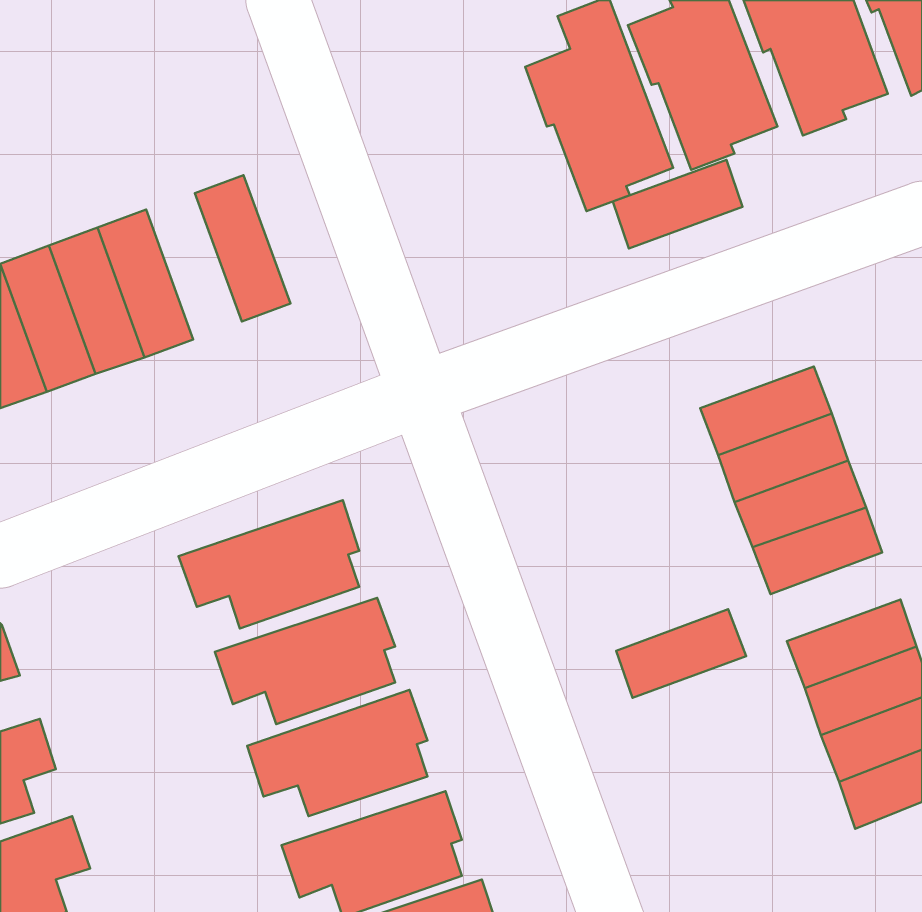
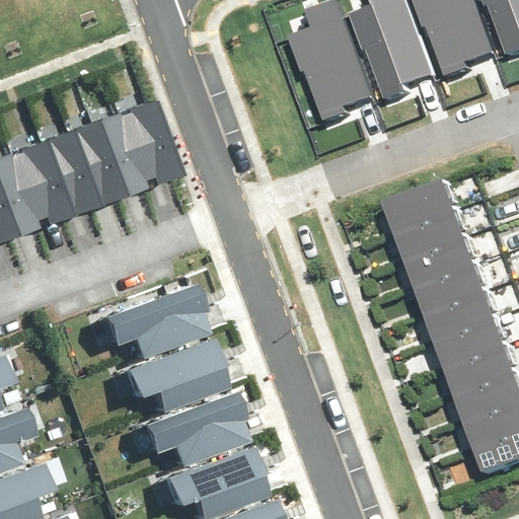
building: [613,160,743,248] -> [384,186,457,235]
building: none -> [82,115,136,197]
building: [616,609,746,698] -> [433,316,506,366]

